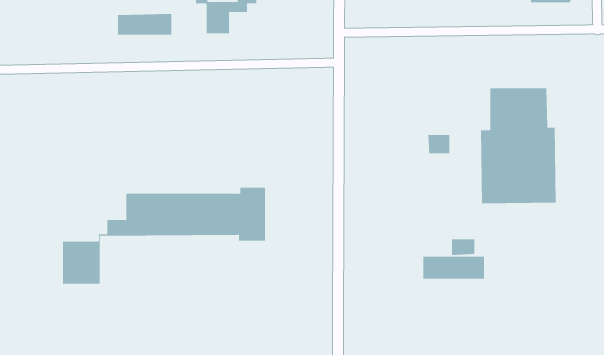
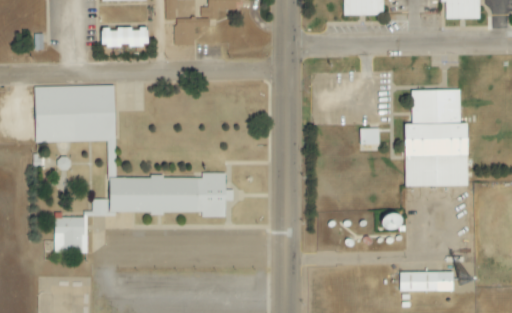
building: none -> [34,85,115,142]
building: [423,256,485,279] -> [400,272,452,291]

